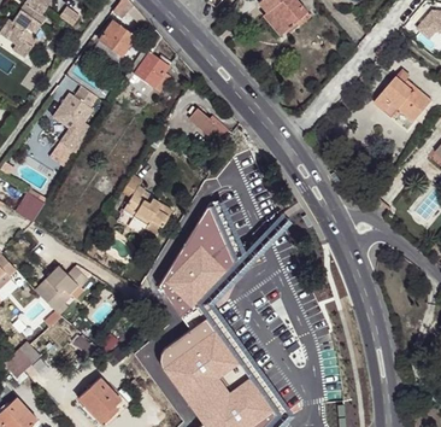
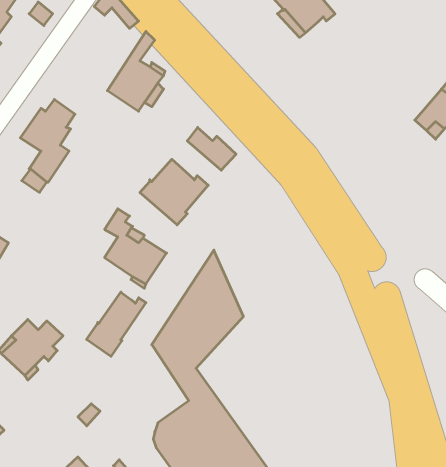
building: [99,21,135,55] -> none
building: none -> [140,159,208,225]
building: none -> [87,292,146,356]

